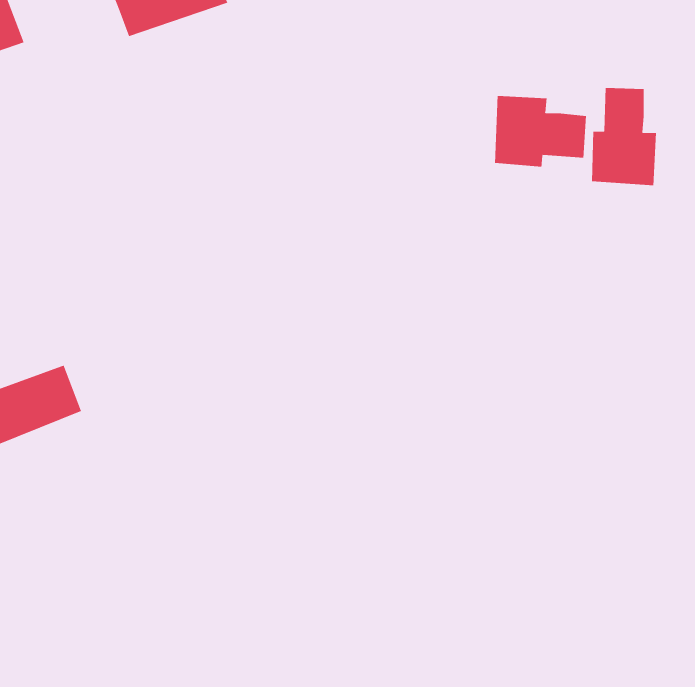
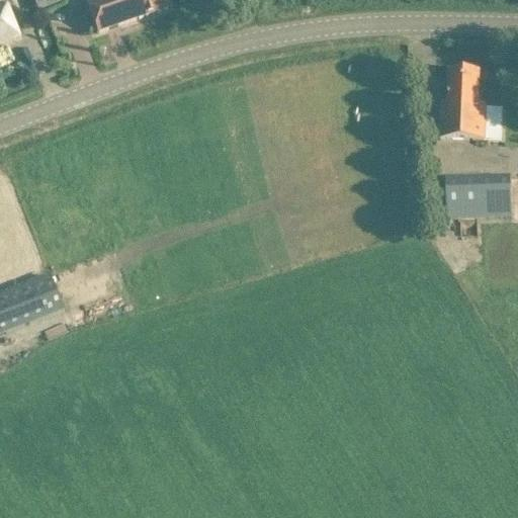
building: [495,95,587,167] -> none
building: none -> [445,170,510,214]

